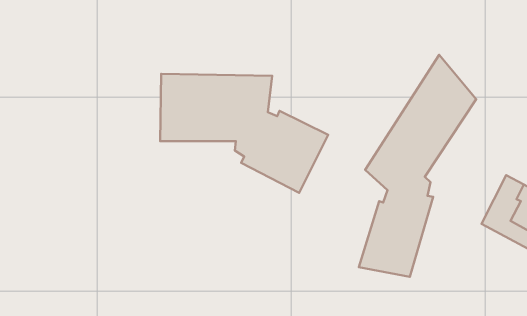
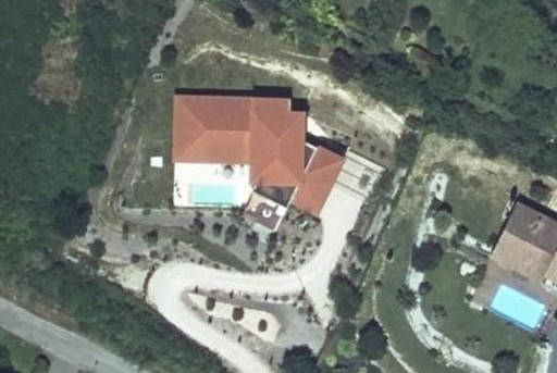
building: [359,55,476,277] -> none

